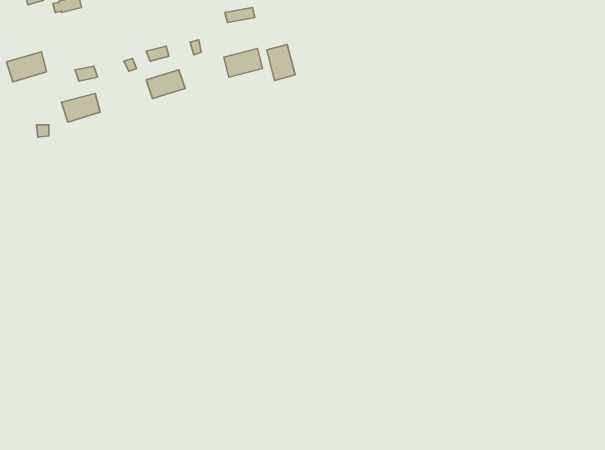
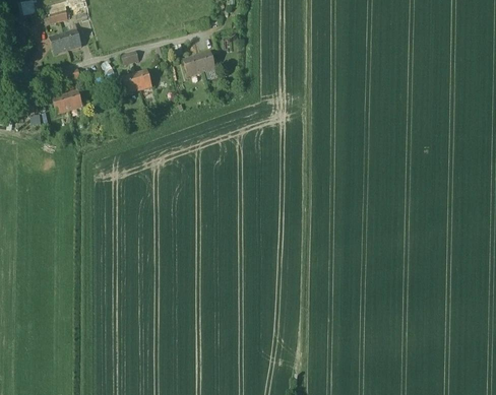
building: [267,44,295,80] -> none
building: [7,52,46,82] -> [50,30,82,55]

